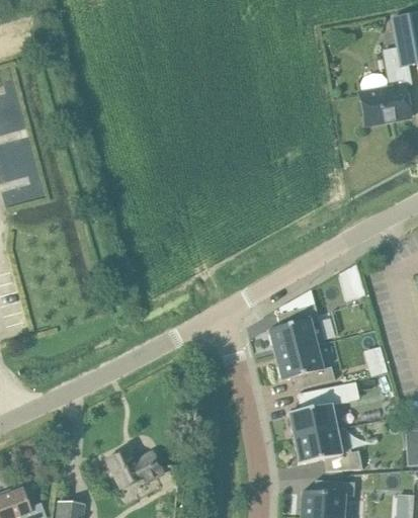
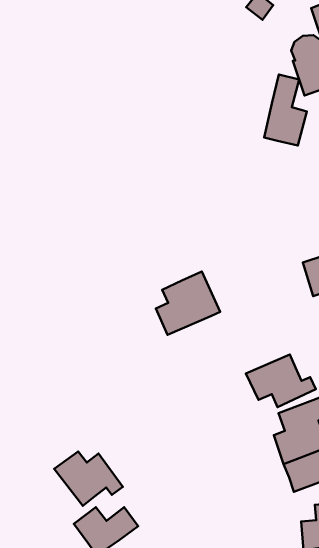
building: none -> [264,74,307,146]
building: [269,306,324,355] -> [156,271,220,335]
building: none -> [54,451,123,506]

